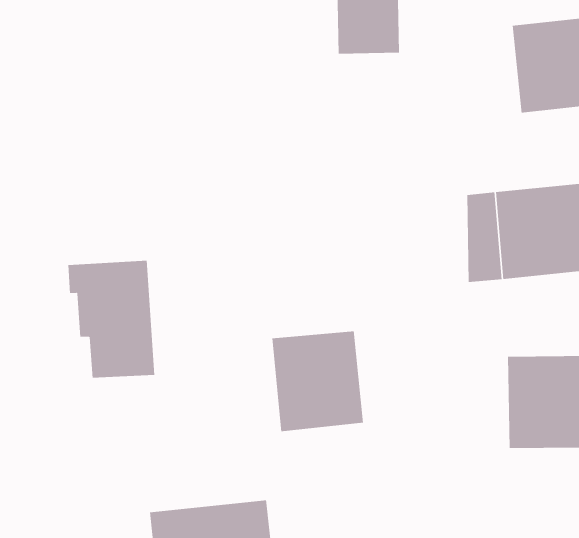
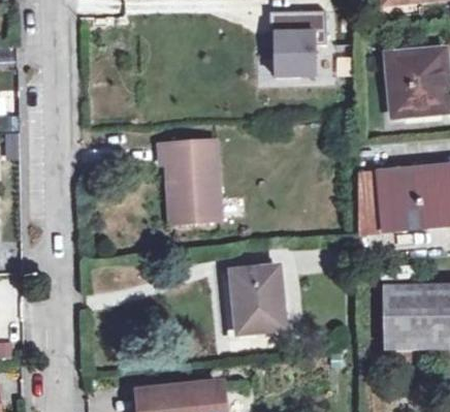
building: [68,260,155,378] -> [161,137,221,218]

